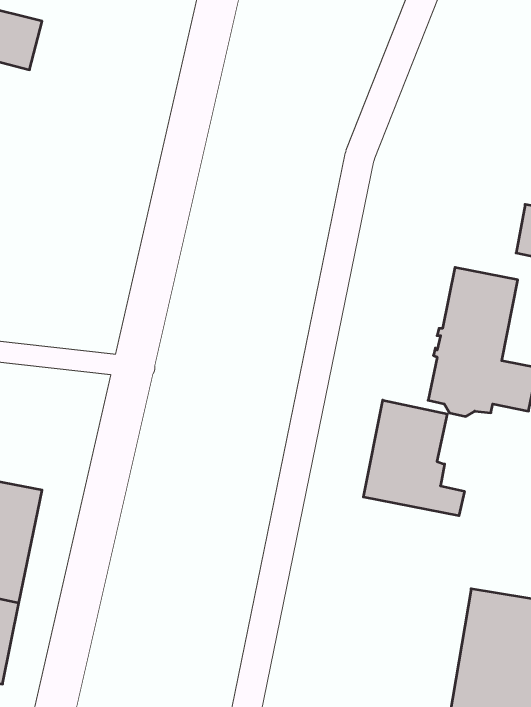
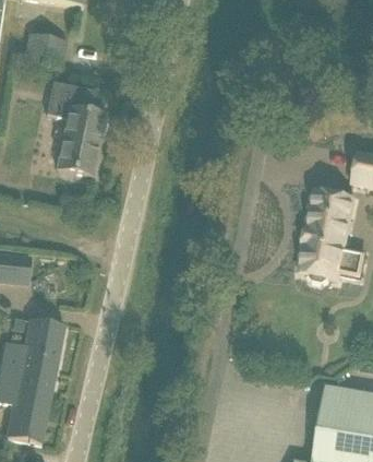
building: none -> [46,81,105,175]
building: [363,400,464,516] -> none

